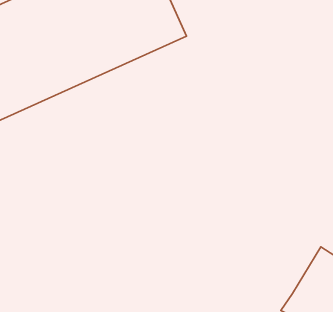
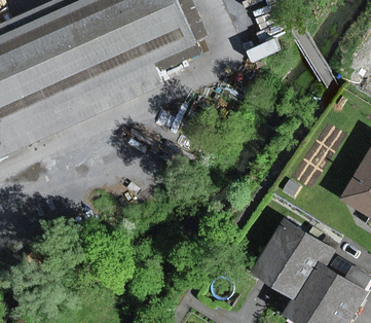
building: none -> [251,223,328,300]

